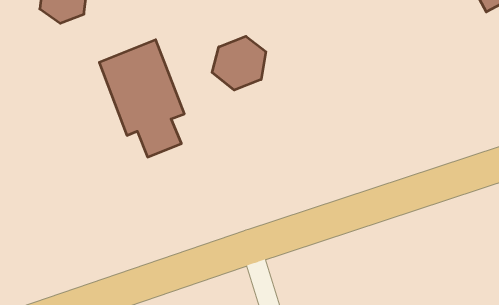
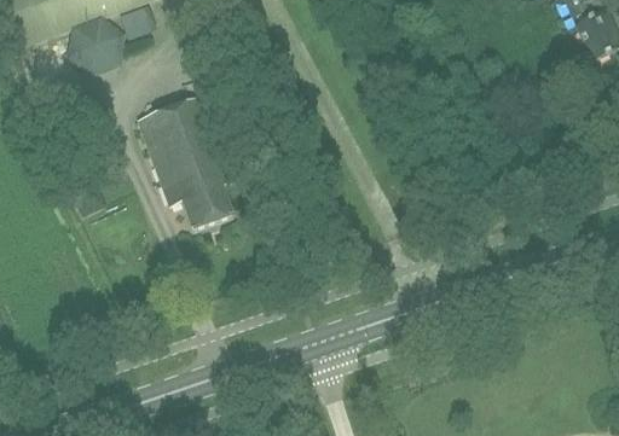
building: [212,36,266,90] -> none

